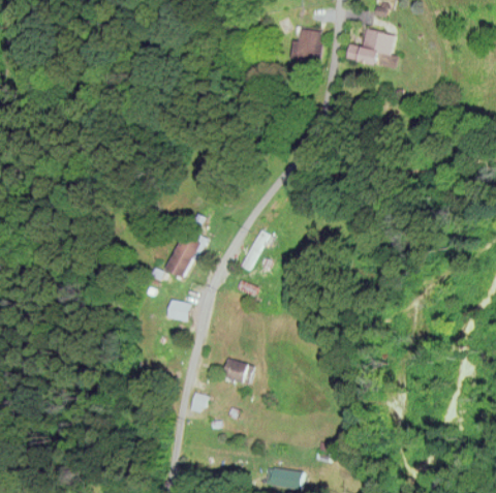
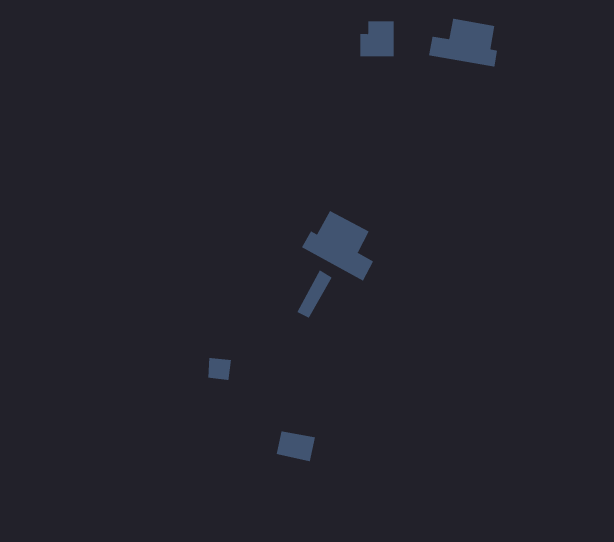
building: none -> [301,210,374,281]
building: [164,230,202,278] -> none

